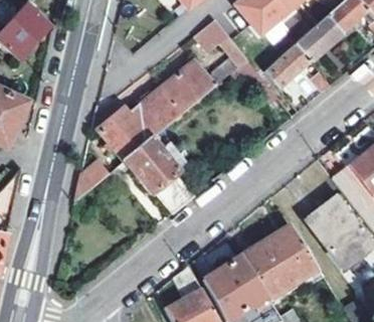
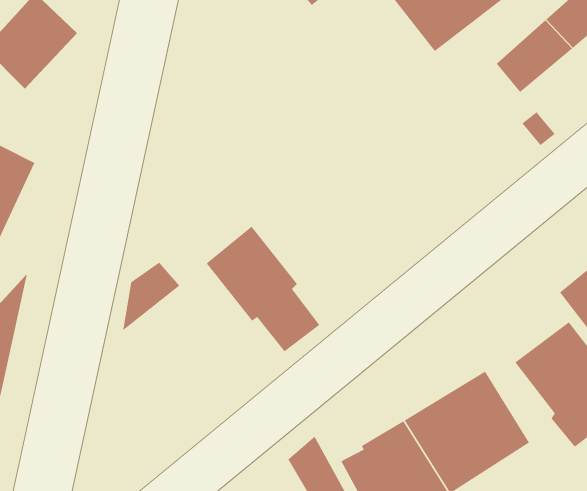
building: [99,20,248,161] -> none
building: [264,43,310,88] -> none

